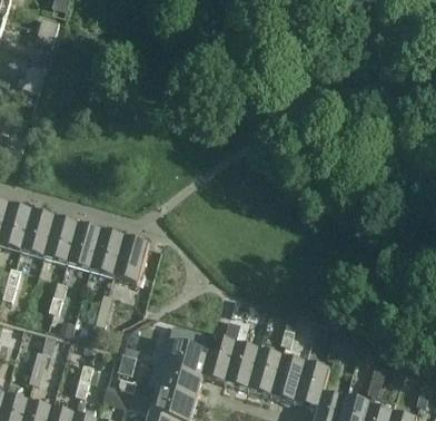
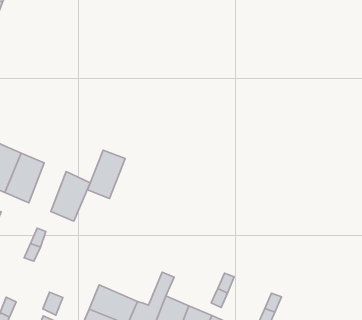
building: [91,227,123,273] -> [88,150,125,198]

